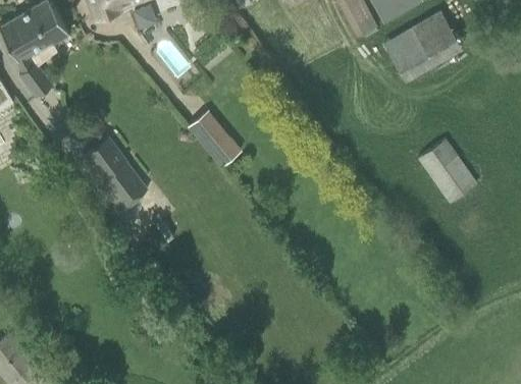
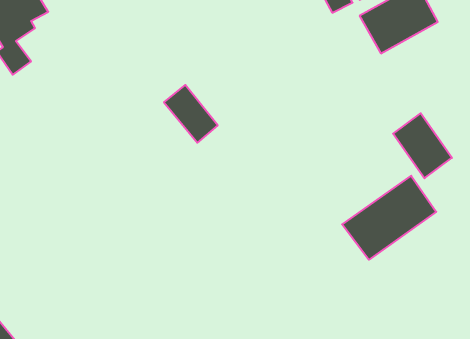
building: [79,136,150,213] -> none
building: none -> [342,176,436,260]

